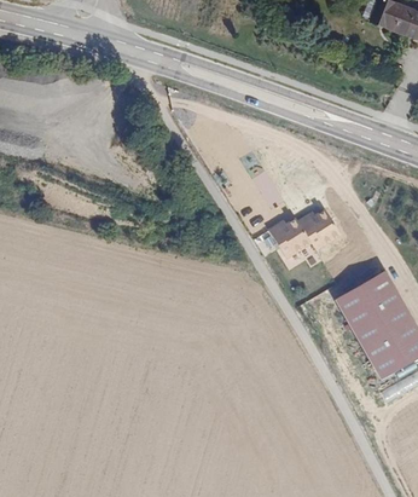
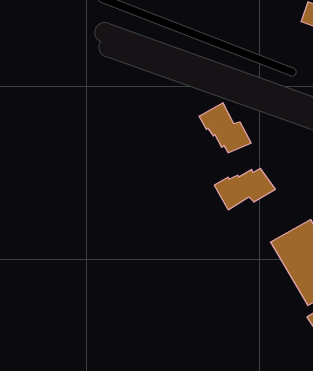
building: none -> [199,103,251,153]

